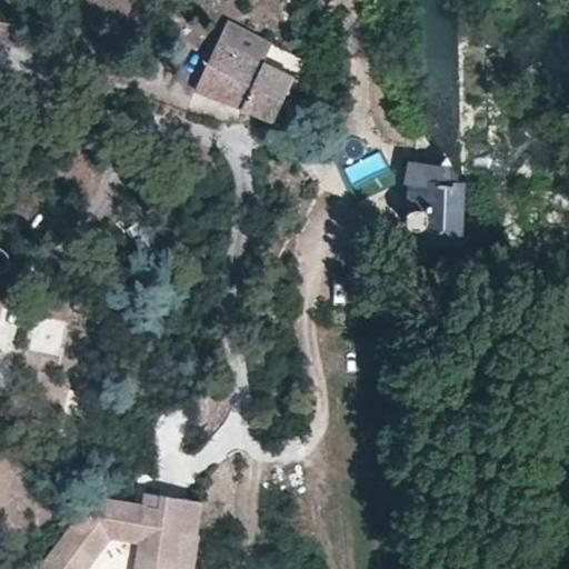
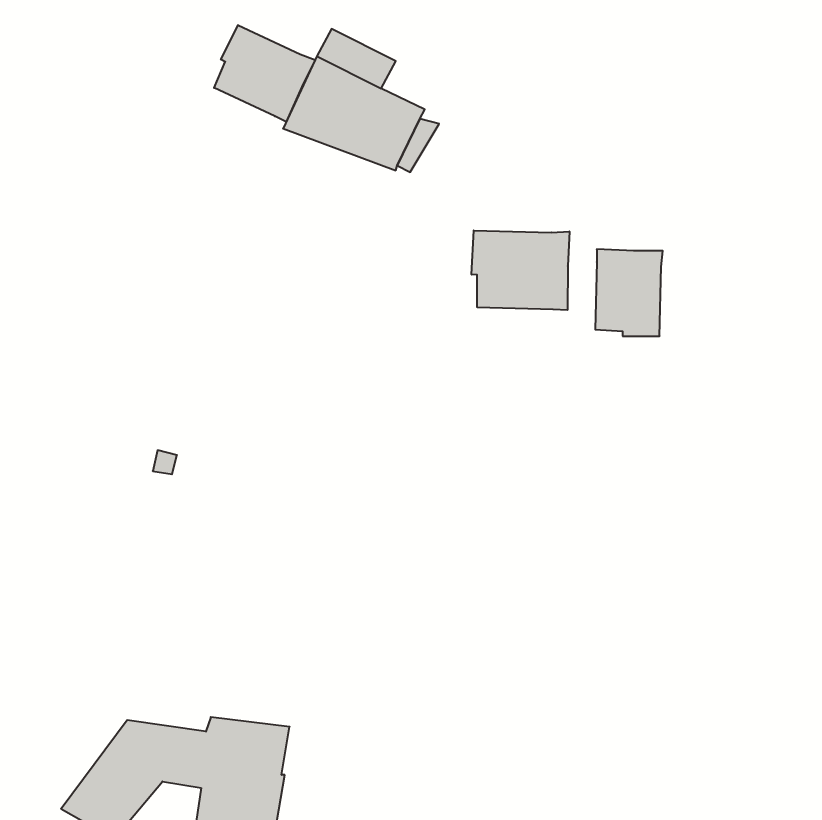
building: none -> [214,25,315,122]
building: none -> [472,230,569,310]

